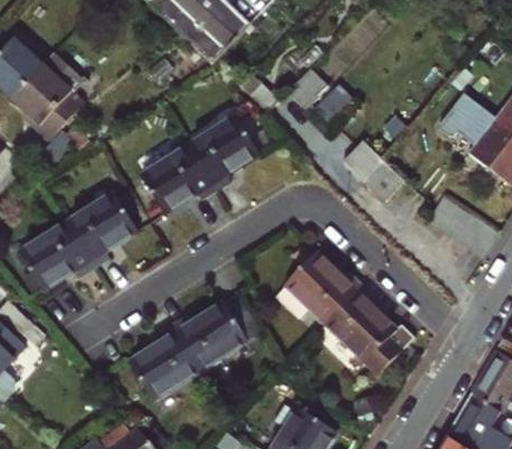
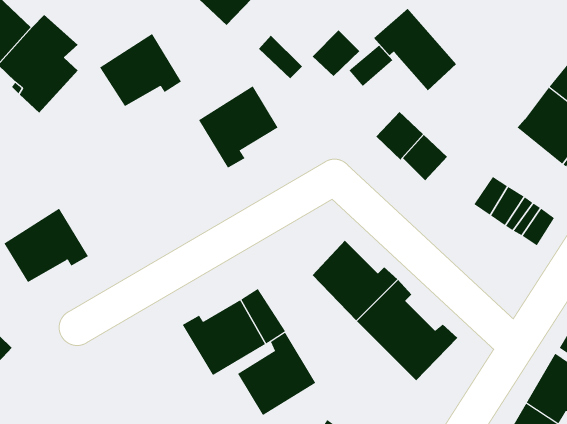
building: none -> [373,8,457,91]
building: [436,94,492,146] -> none
building: [140,147,212,211] -> [99,33,182,107]
building: [66,193,135,266] -> none
building: [130,326,199,399] -> [237,332,316,416]

